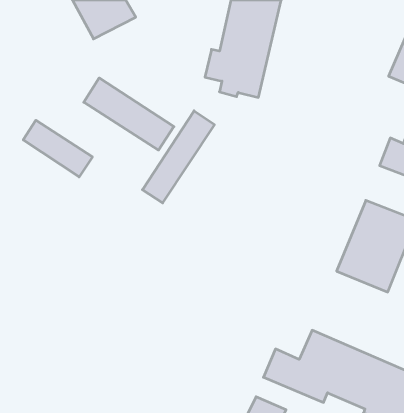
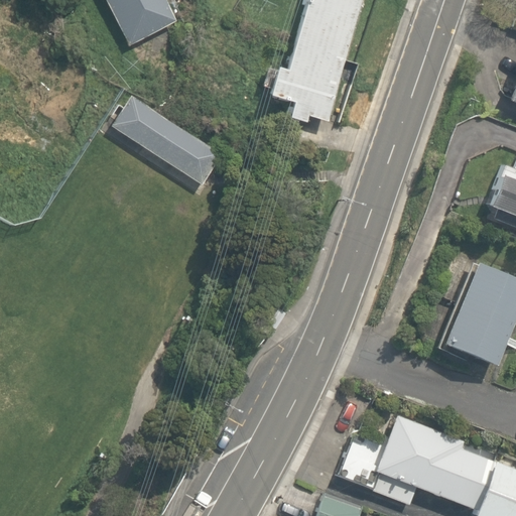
building: [142,111,214,203] -> none
building: [23,120,92,177] -> none

